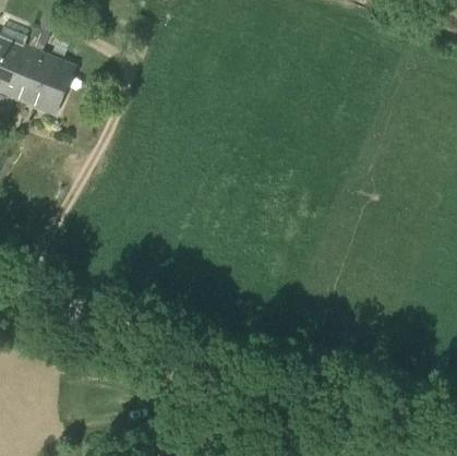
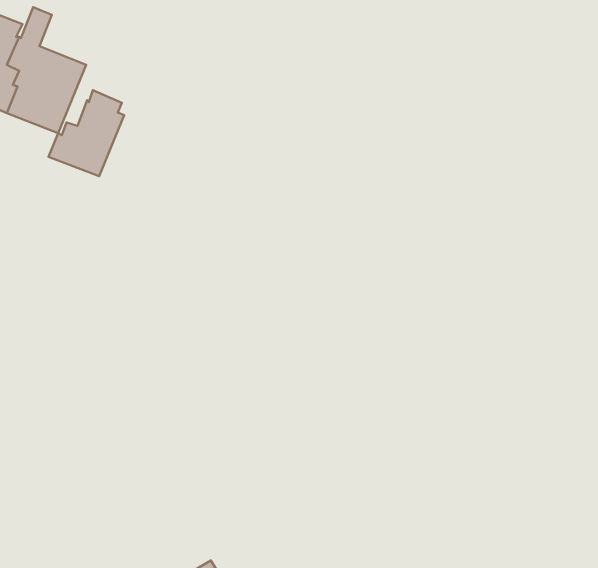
building: none -> [49,90,124,176]

